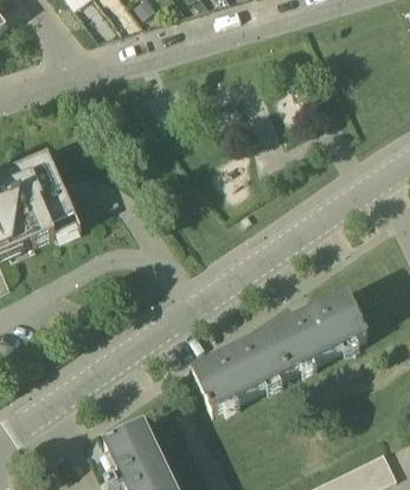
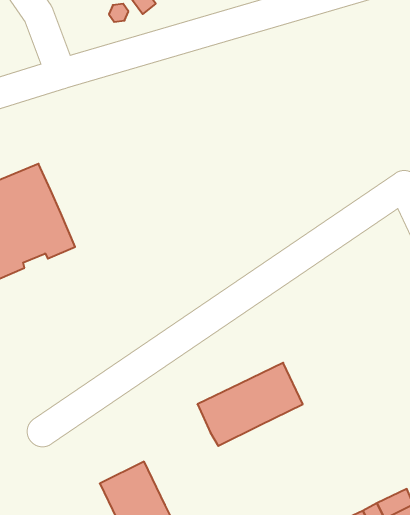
building: [271,295,367,371] -> none

